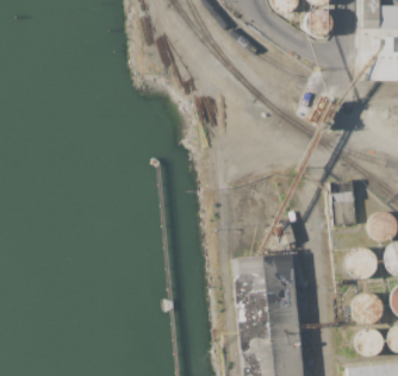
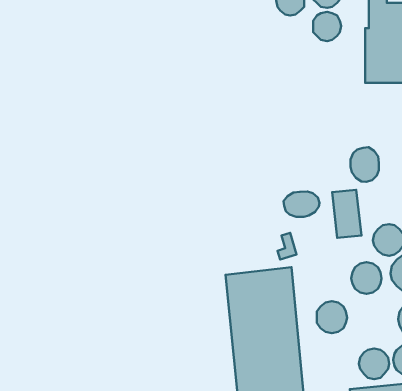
building: none -> [350,147,379,182]
building: none -> [284,192,319,217]
building: [353,295,381,325] -> [317,301,347,333]

